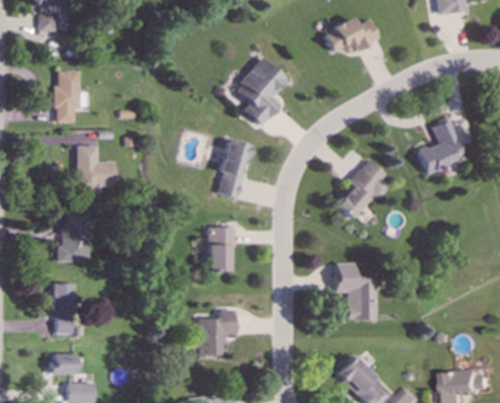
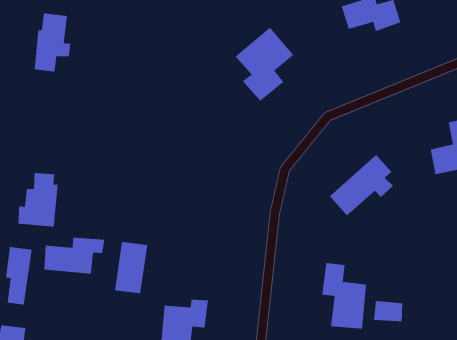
building: [219,141,249,197] -> none
building: [76,145,116,192] -> none
building: [209,227,234,271] -> [114,241,148,294]
building: none -> [44,237,105,275]
building: none -> [374,300,403,322]

